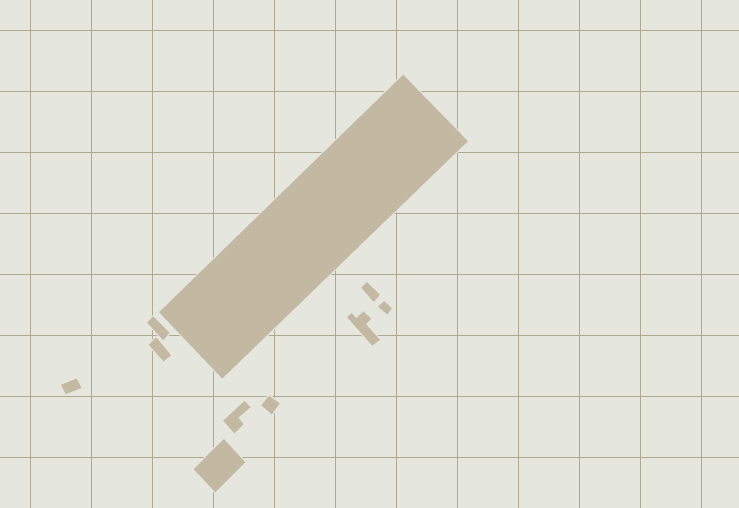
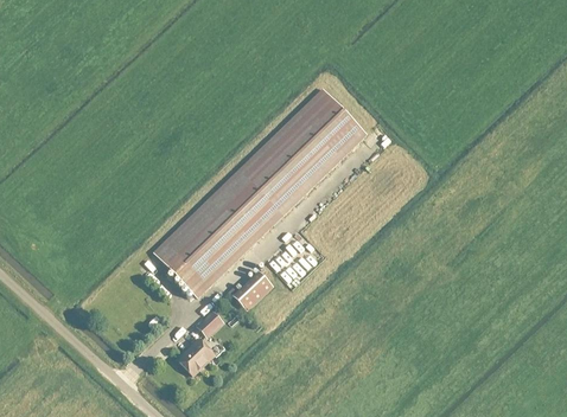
building: none -> [232,271,273,310]

